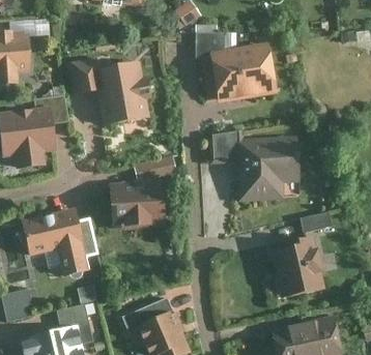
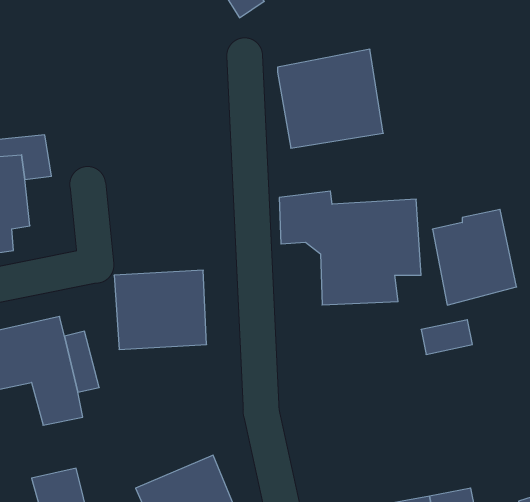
building: [195,30,235,58] -> none
building: [67,57,149,126] -> none
building: [134,154,176,179] -> none
building: [272,237,324,297] -> [432,209,517,305]

